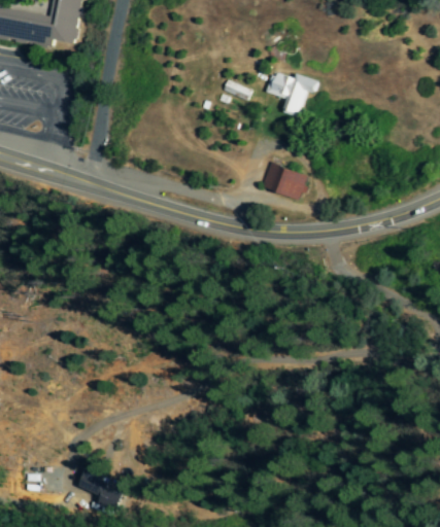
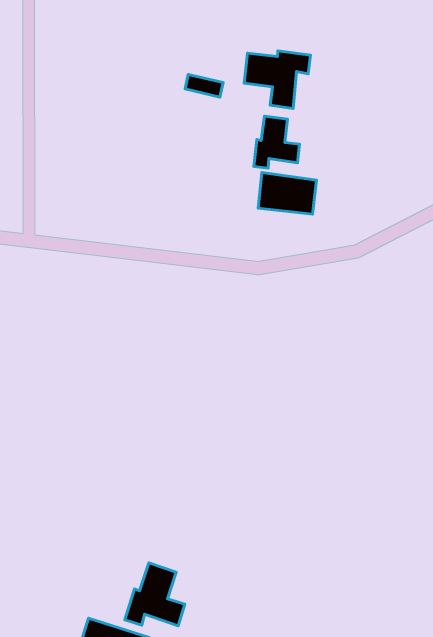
building: none -> [254,116,299,168]
building: none -> [125,563,185,626]

